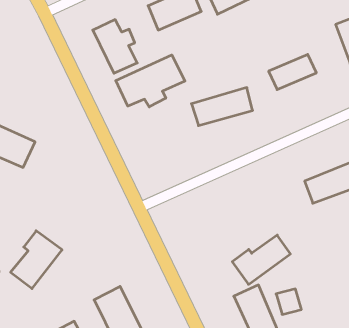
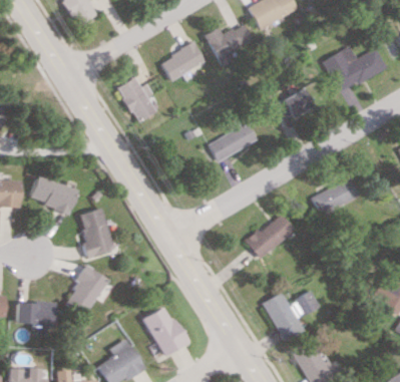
building: [116,55,185,107] -> none
building: none -> [75,208,112,257]
building: [232,235,290,284] -> [244,214,293,259]

